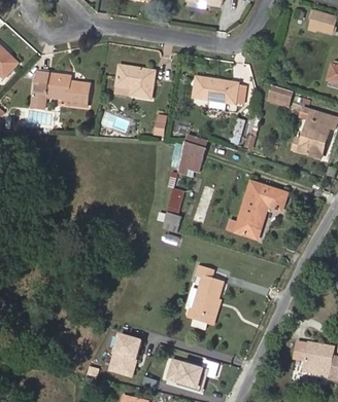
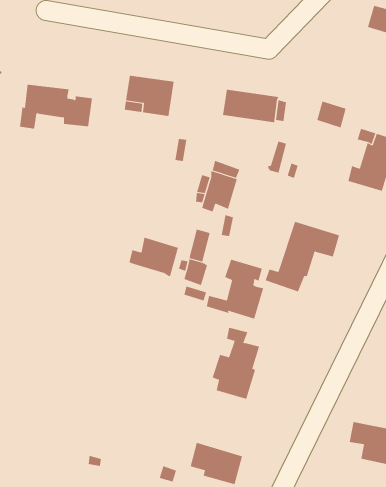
building: none -> [129,237,179,277]
building: none -> [206,259,264,319]
building: [109,333,141,374] -> none

